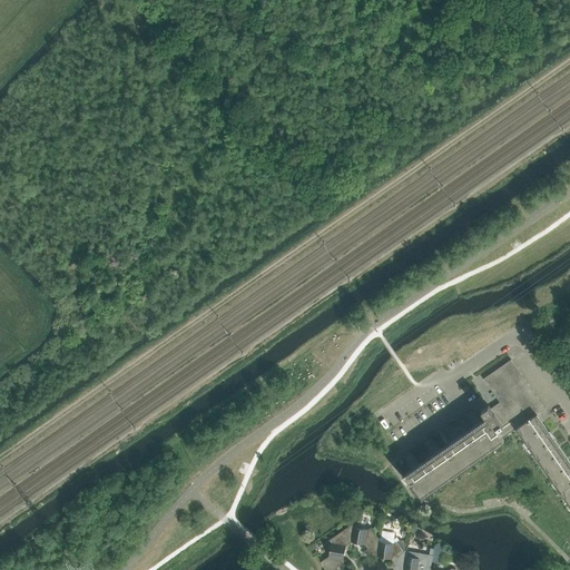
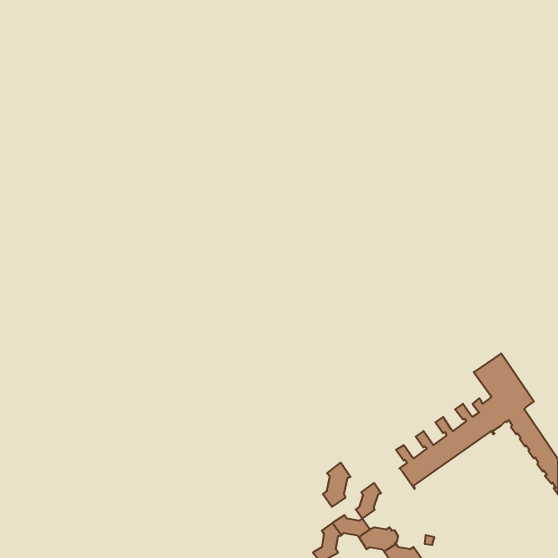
building: none -> [323,463,351,507]
building: none -> [356,483,381,519]

